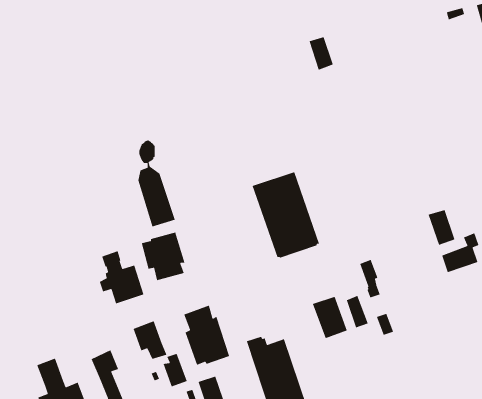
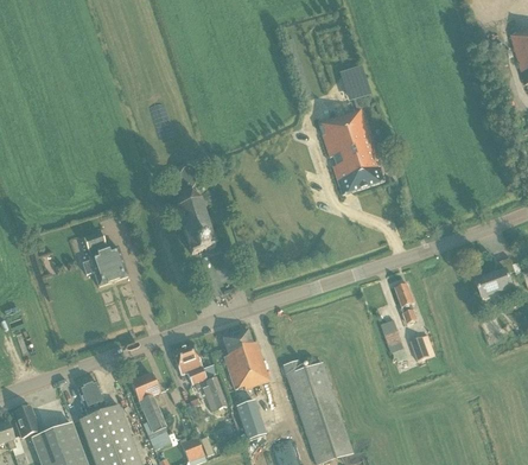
building: [251,171,320,259] -> [317,108,384,195]
building: [428,209,455,246] -> none
building: [141,231,186,281] -> none
building: [99,250,145,304] -> [82,233,127,286]
building: [312,296,348,339] -> none

